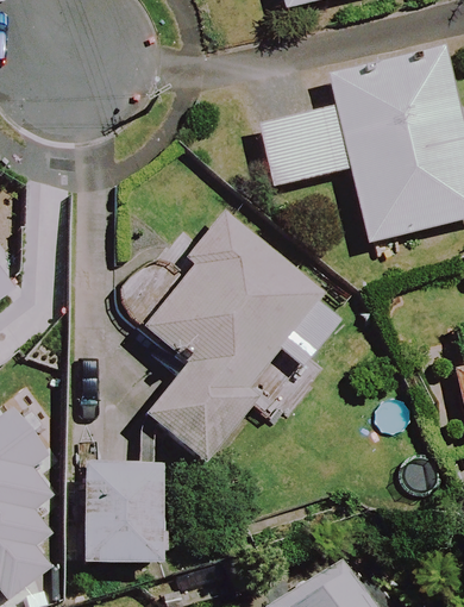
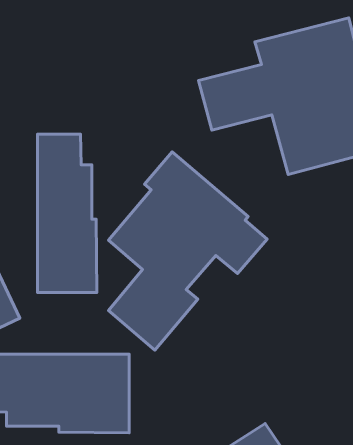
building: none -> [37,134,97,292]

